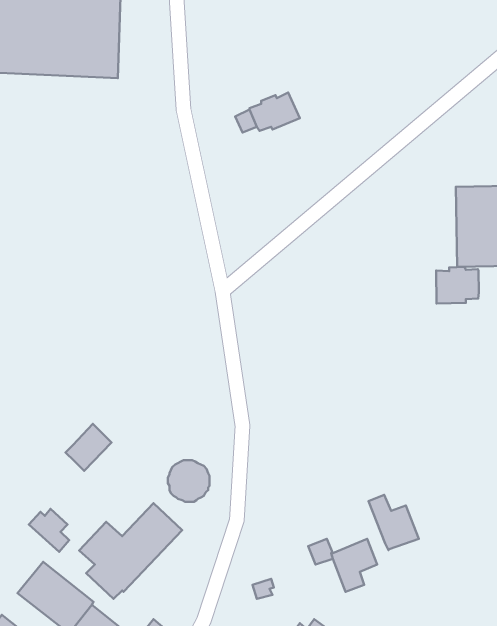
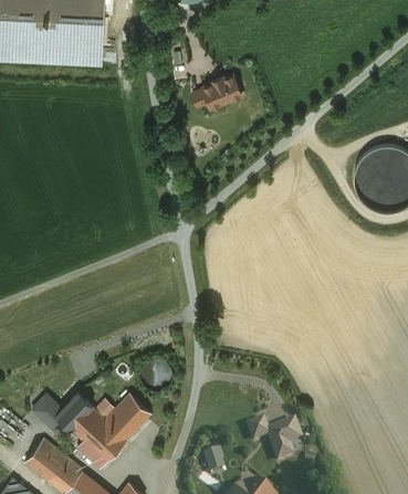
building: [436,267,479,303] -> none
building: [66,424,111,471] -> [56,392,92,429]
building: [368,495,419,550] -> none

